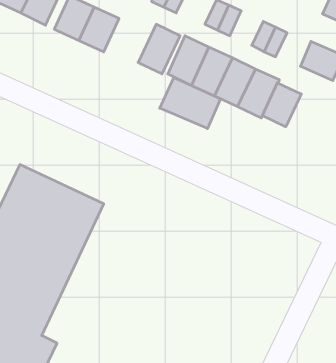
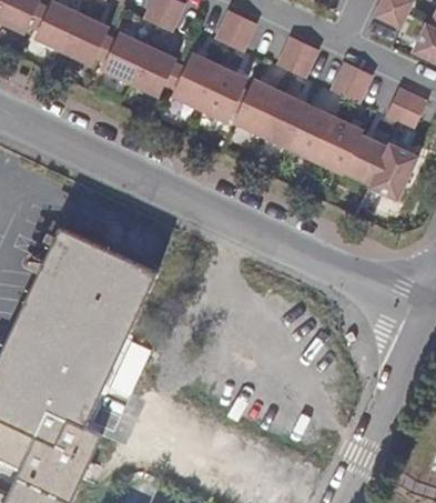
building: none -> [170,51,219,109]
building: [160,78,221,129] -> none
building: none -> [367,141,417,199]

